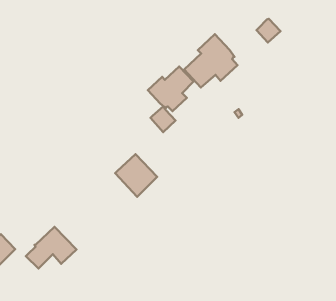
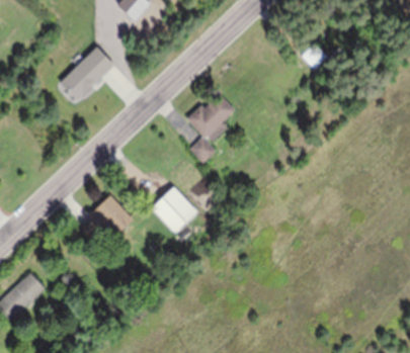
building: none -> [62,51,109,98]
building: [184,34,237,87] -> none
building: [26,227,77,269] -> [80,195,134,240]

